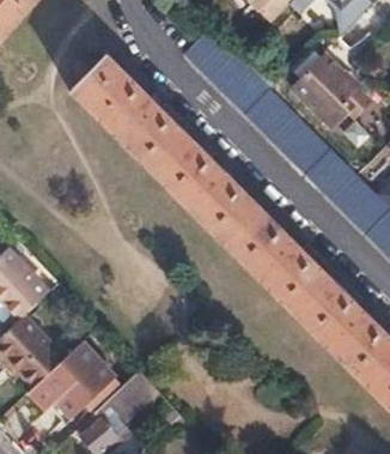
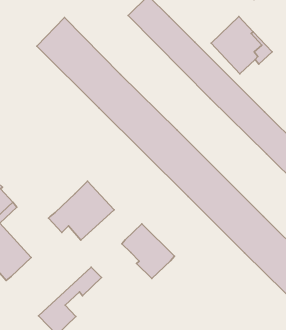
building: none -> [122,224,174,278]
building: [31,343,114,417] -> [48,181,114,240]

